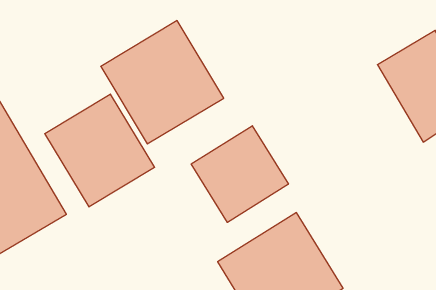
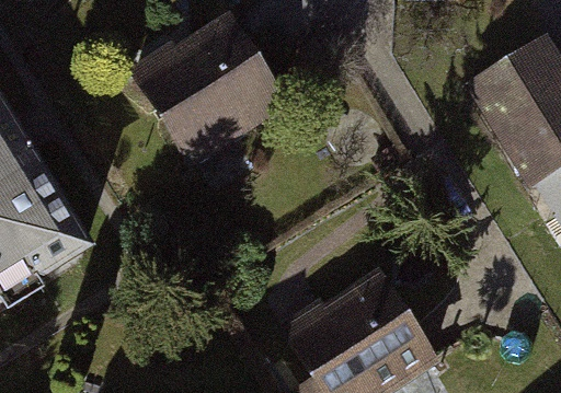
building: [45,94,155,207] -> none
building: [191,126,288,222] -> none

